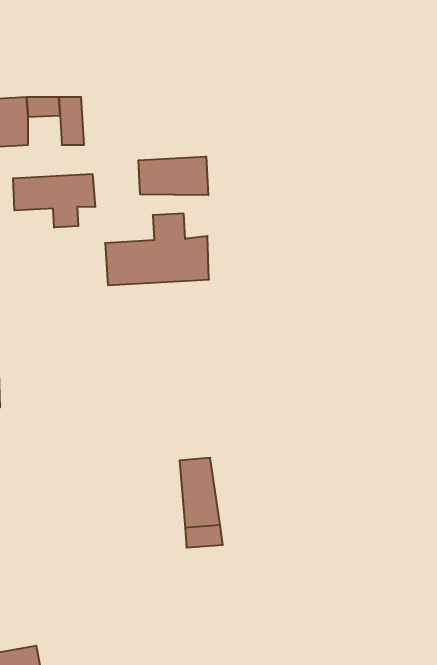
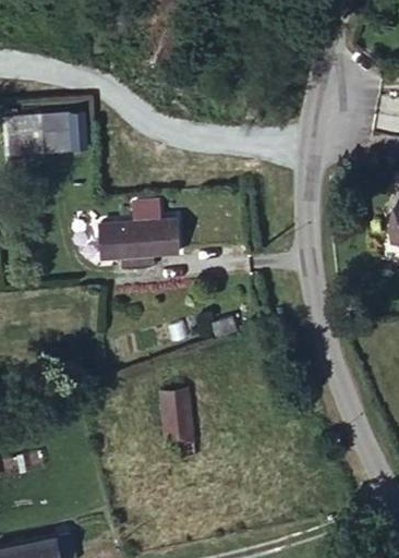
building: [138,156,208,195] -> none
building: [13,174,95,228] -> none

